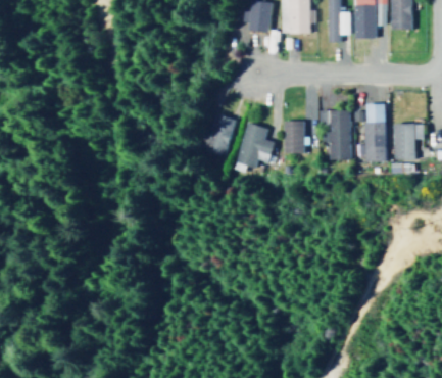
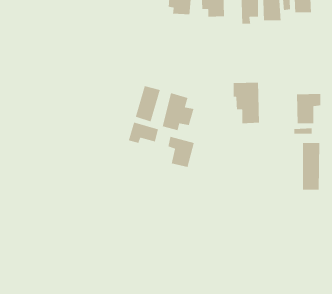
building: [365,103,387,160] -> [302,142,320,191]
building: [284,121,304,152] -> none
building: none -> [128,122,159,144]
building: none -> [167,136,195,168]

